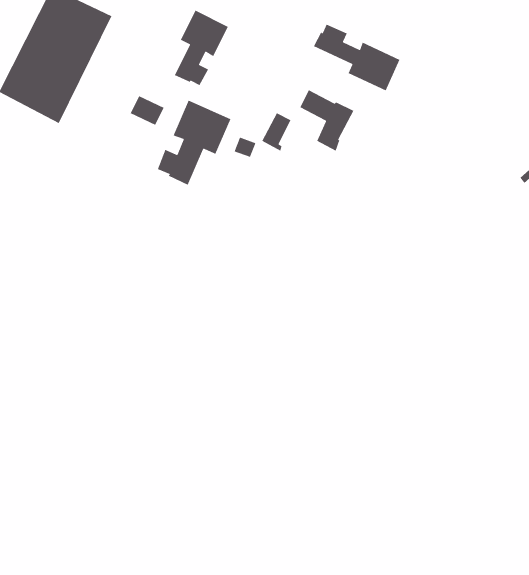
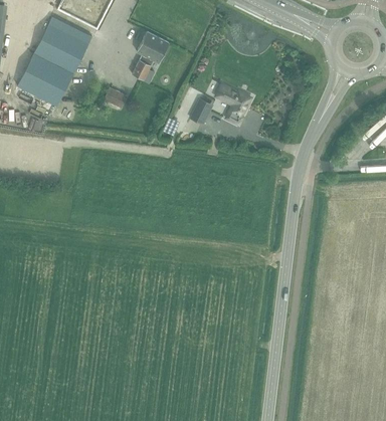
building: [313,24,401,92] -> none
building: [157,100,231,186] -> none

